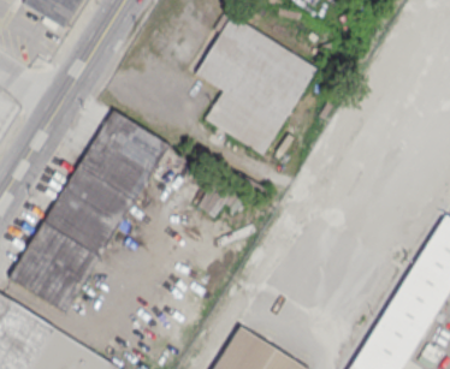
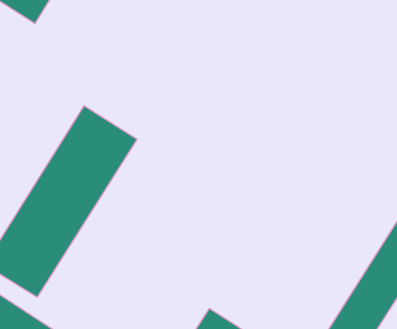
building: [194,14,314,155] -> none

